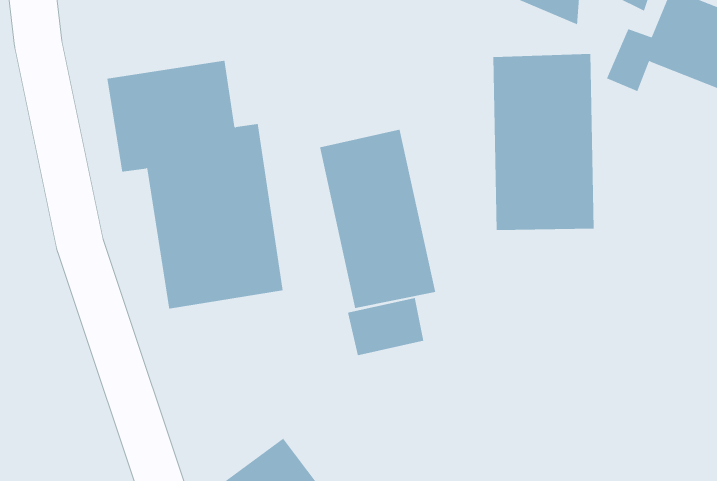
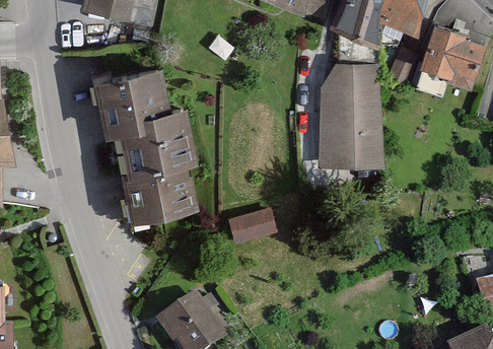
building: [319,129,436,309] -> none

